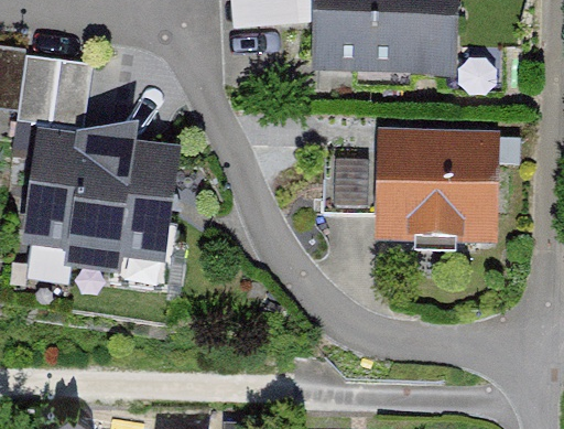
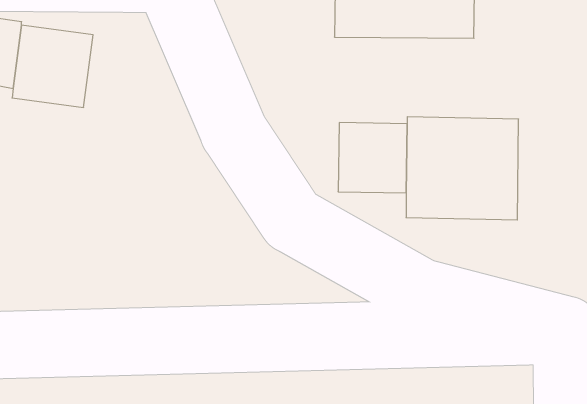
building: [29,142,174,287] -> none

